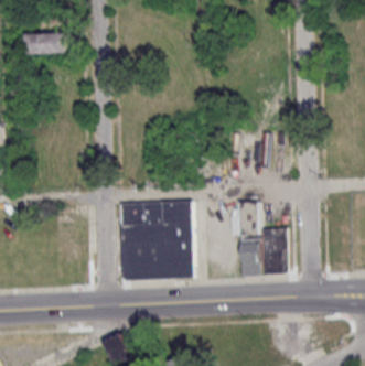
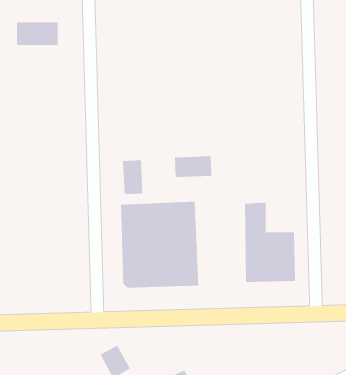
building: none -> [174,155,212,178]
building: none -> [123,160,143,195]

